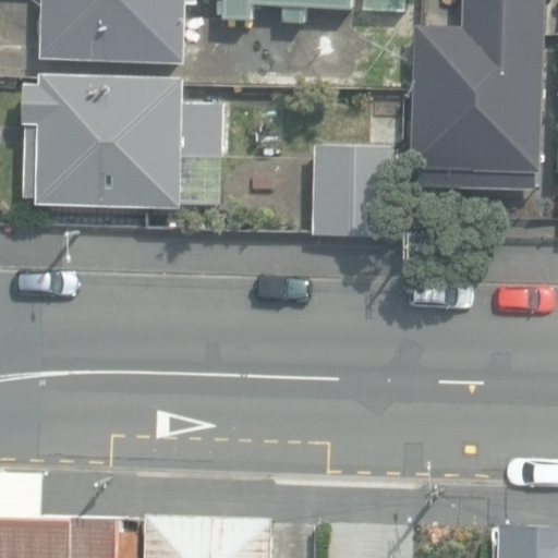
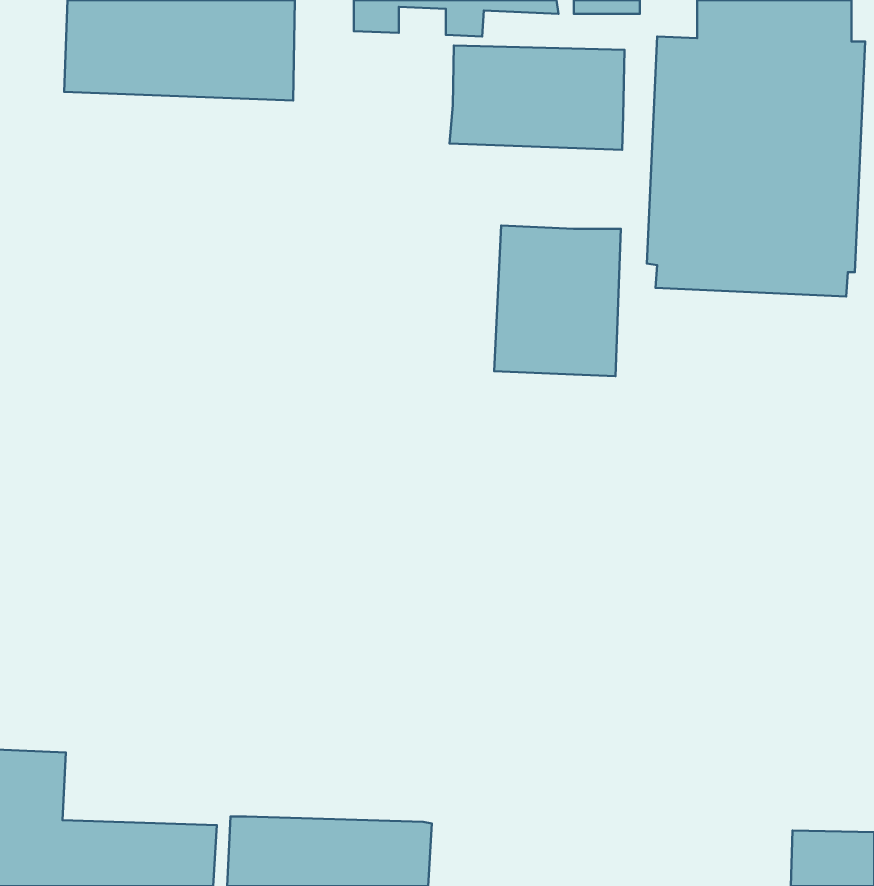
building: none -> [450,45,625,150]
building: [21,74,222,206] -> none

